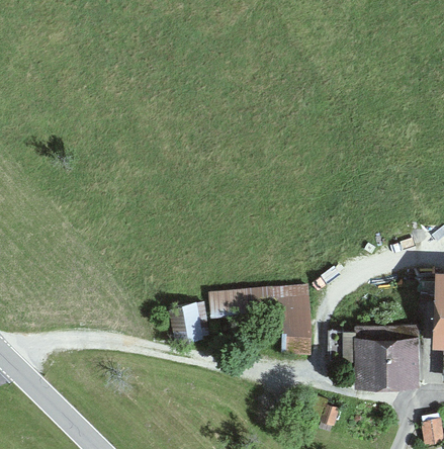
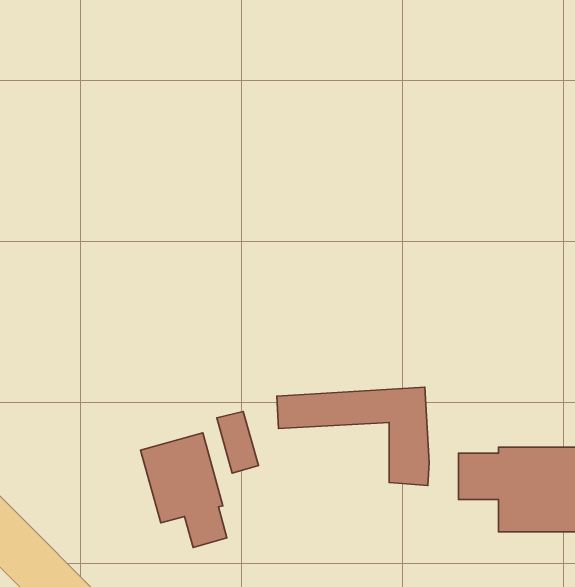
building: none -> [141,433,227,547]

